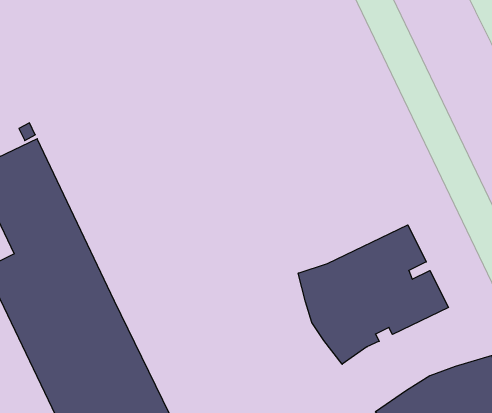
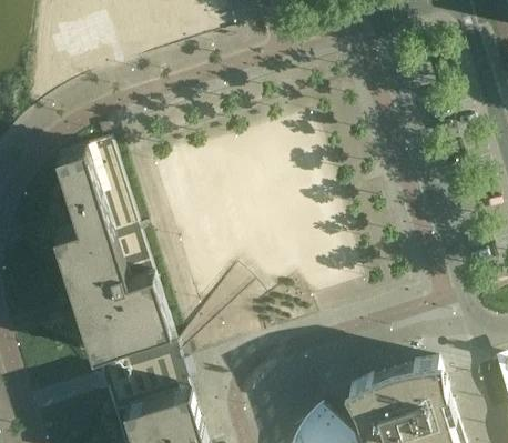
building: [298,225,448,364] -> none

